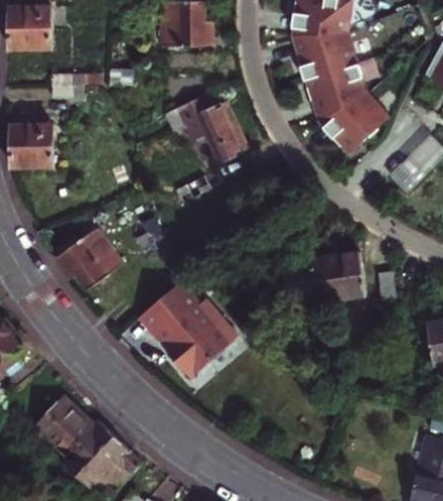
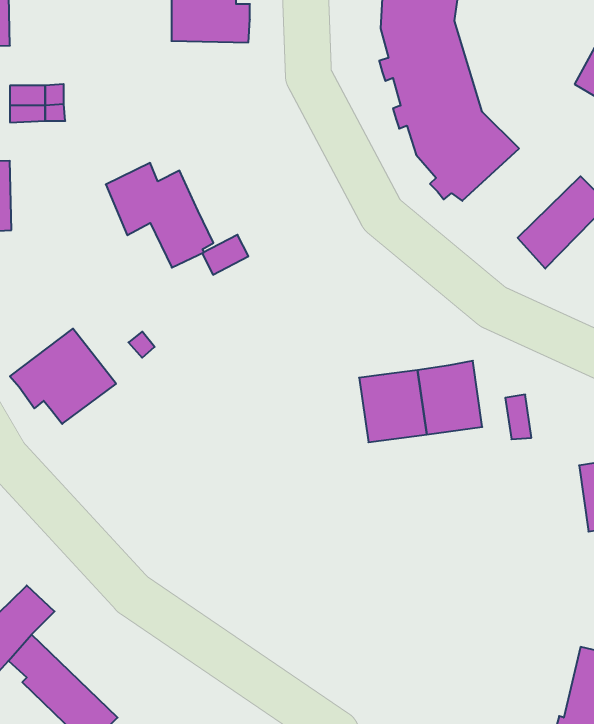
building: [174,92,245,160] -> [106,163,213,268]
building: [141,282,239,378] -> none
building: [67,416,143,486] -> none

